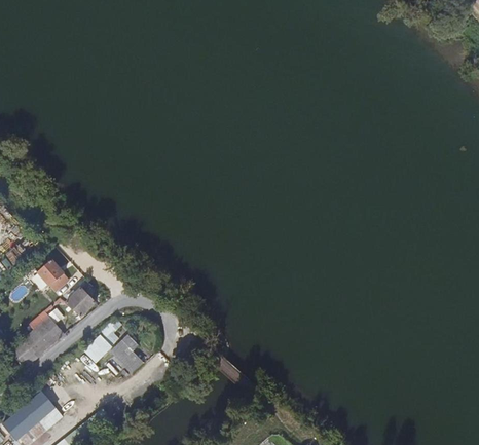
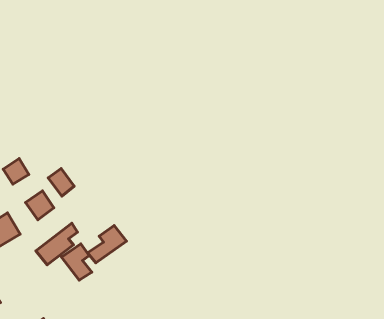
building: none -> [48,168,74,196]
building: none -> [88,225,127,263]

